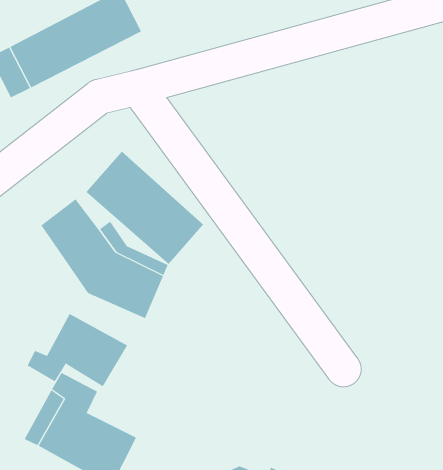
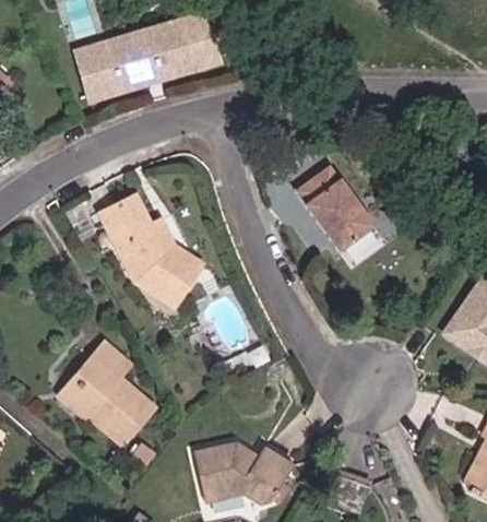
building: none -> [292,168,373,256]
building: [86,151,204,265] -> none
building: [27,313,128,387] -> none

